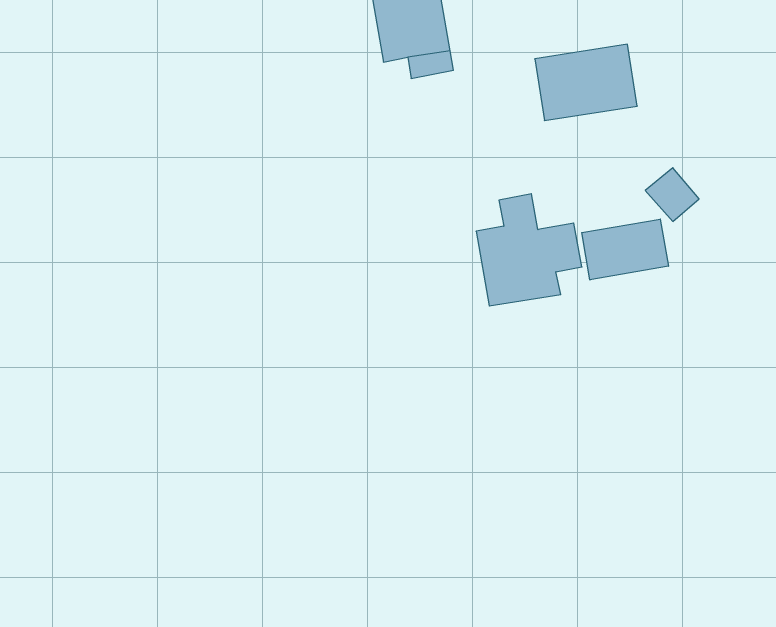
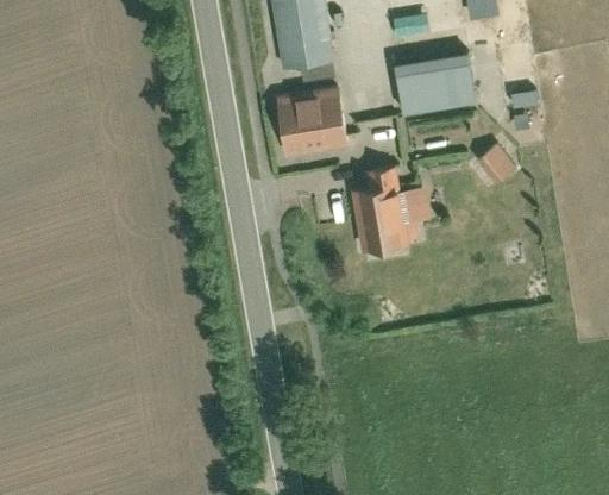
building: none -> [276,93,343,157]
building: [582,219,668,280] -> none

